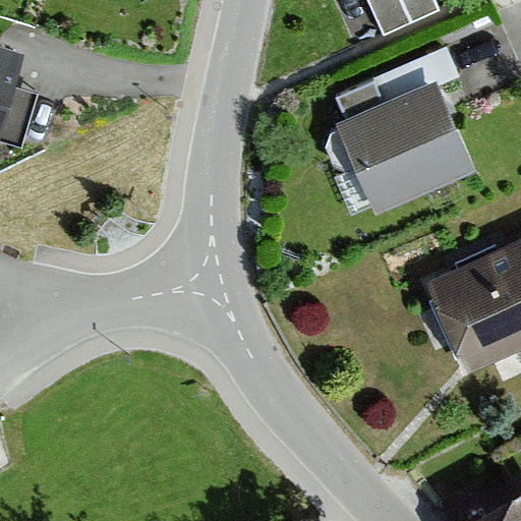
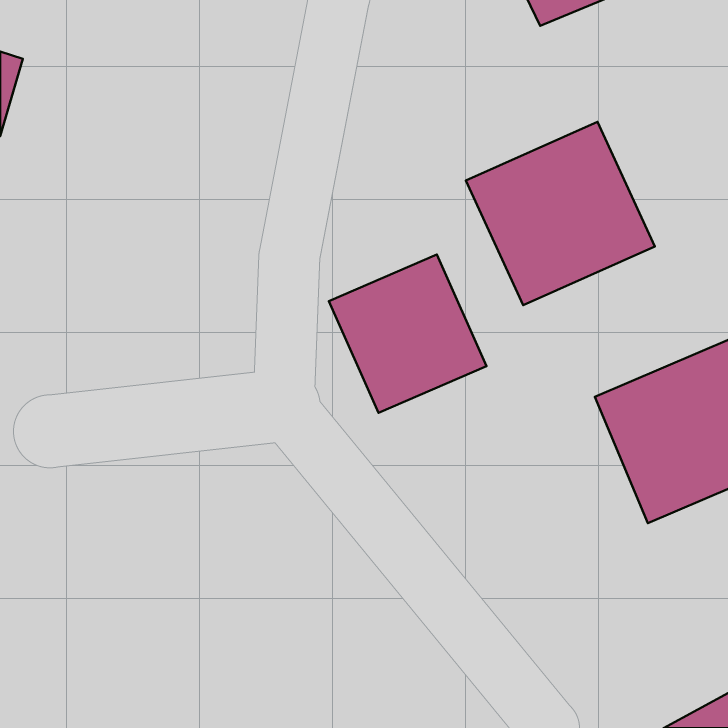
building: none -> [329,254,487,413]

